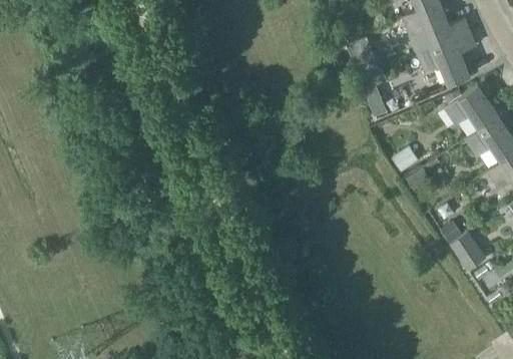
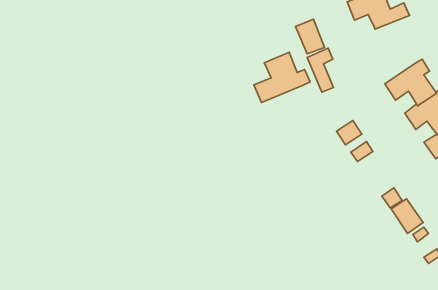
building: [416,32,475,84] -> none
building: none -> [254,52,310,103]

